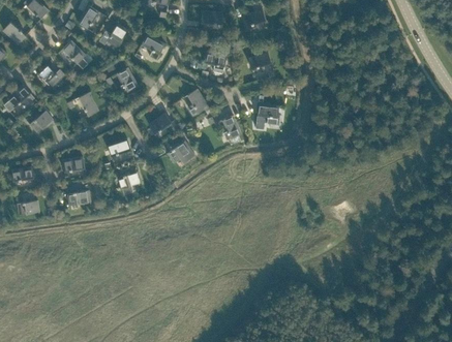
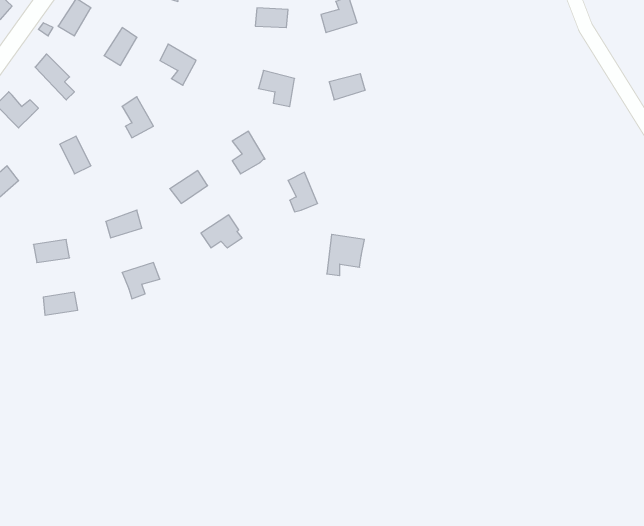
building: [254,103,278,129] -> [327,234,364,276]

